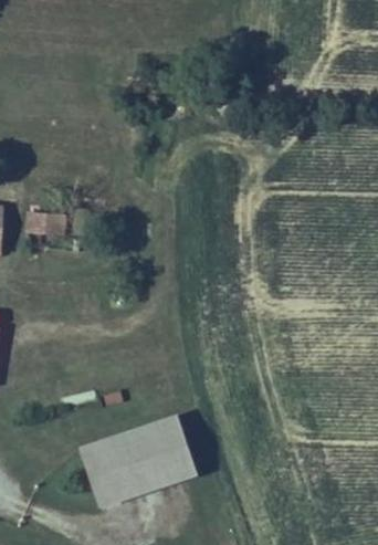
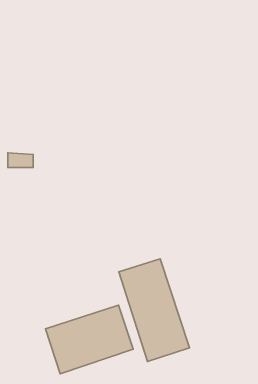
building: none -> [119,259,189,362]

